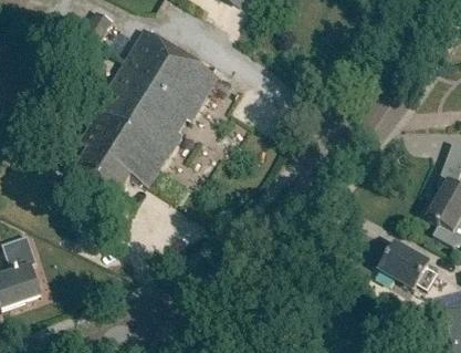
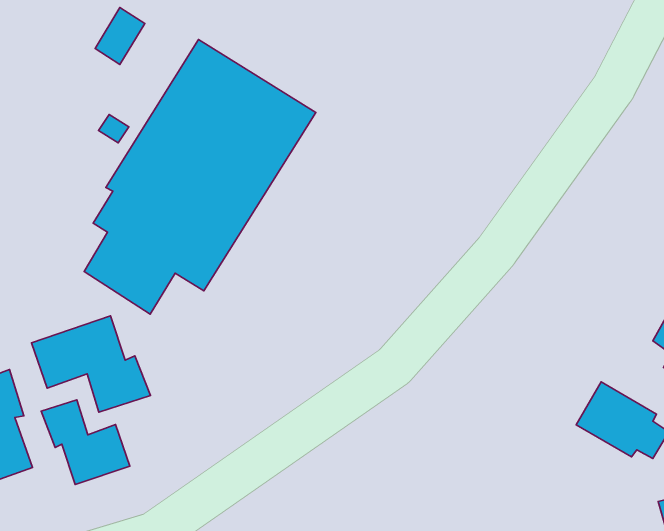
building: none -> [32,316,151,412]
building: none -> [41,400,130,485]

